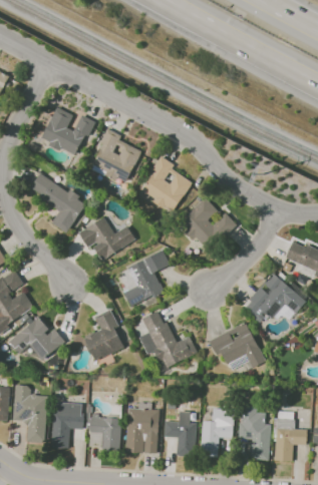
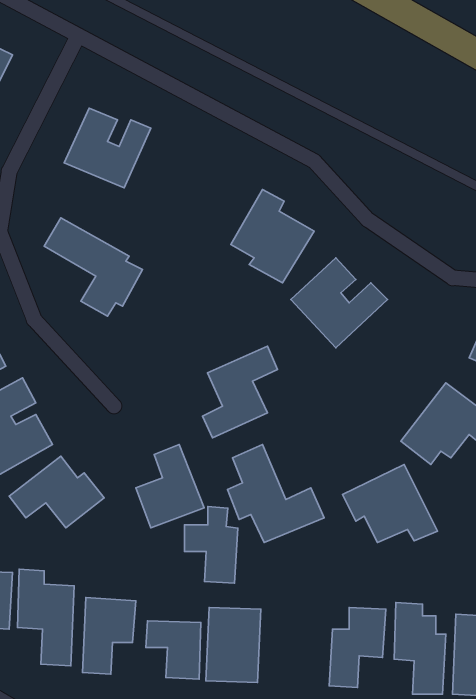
building: [89,129,140,184] -> none
building: [77,217,134,260] -> none
building: [164,410,196,456] -> [185,506,238,583]

